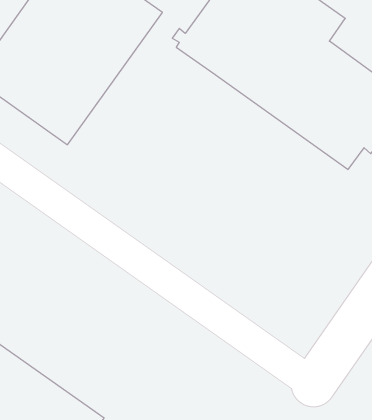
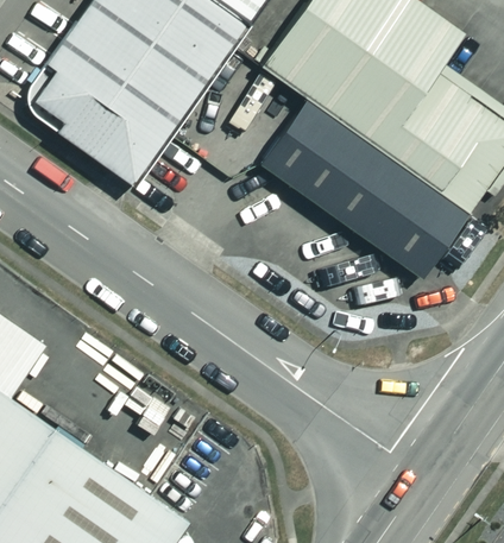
building: none -> [260,99,470,280]

